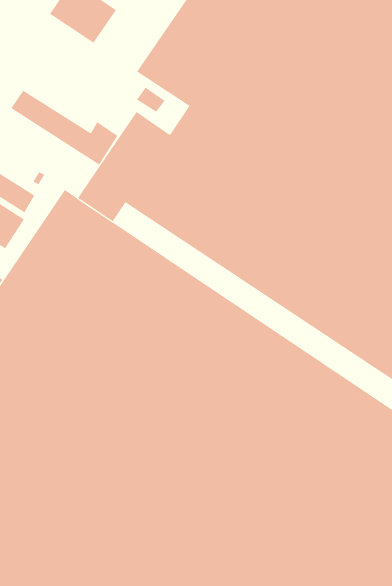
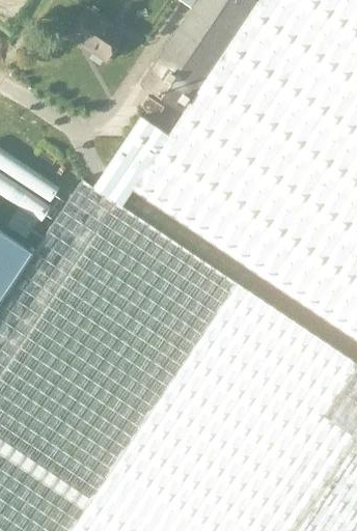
building: [11,90,118,165] -> none

